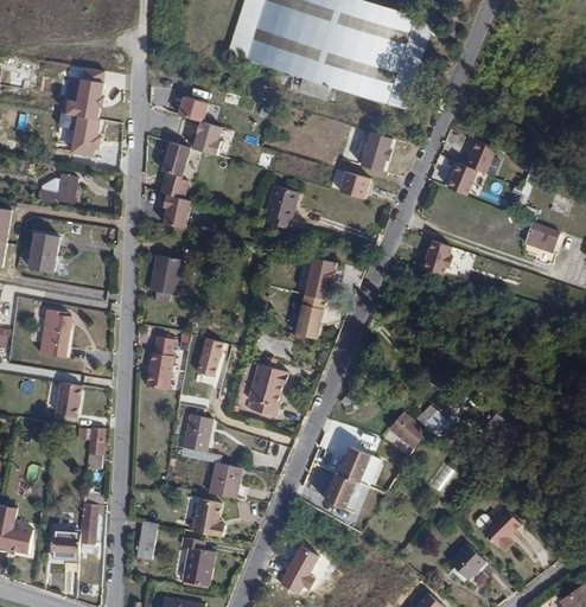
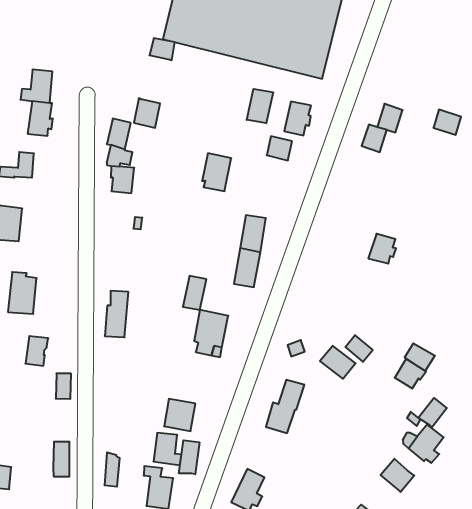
building: [177,95,206,121] -> [149,38,175,60]
building: none -> [247,89,273,123]
building: [527,222,559,251] -> [433,110,461,135]
building: [421,242,453,276] -> [368,234,396,264]
building: [148,255,179,294] -> none
building: [196,337,224,376] -> [183,276,206,310]
building: [181,414,212,453] -> none
building: none -> [395,359,426,389]
building: none -> [418,398,447,427]
building: none -> [179,440,199,474]
building: [50,530,76,557] -> none

